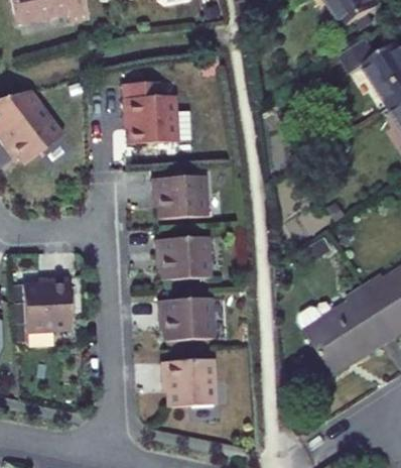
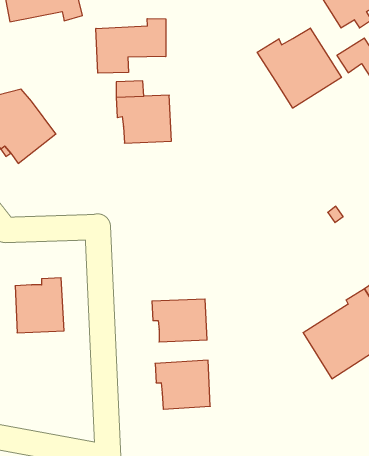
building: none -> [96,19,166,73]
building: none -> [257,28,341,108]
building: [151,176,206,219] -> none
building: [154,236,209,279] -> none

